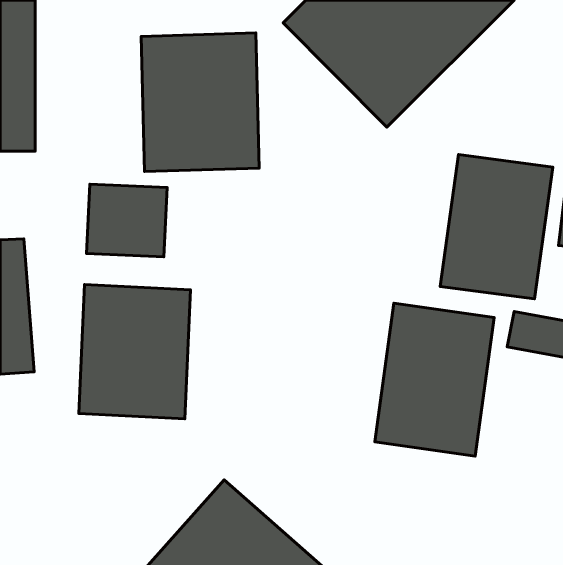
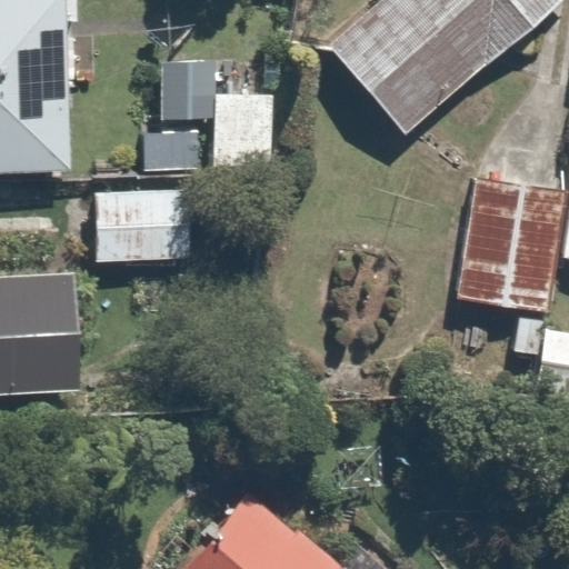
building: [79,285,191,419] -> none
building: [375,303,494,456] -> none

